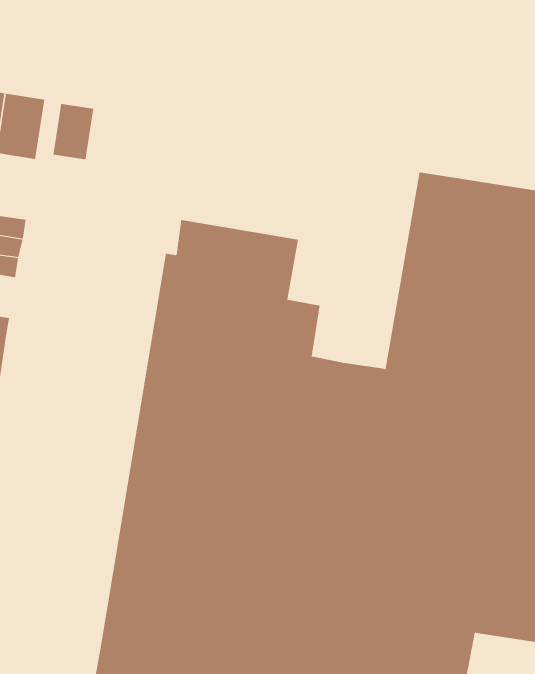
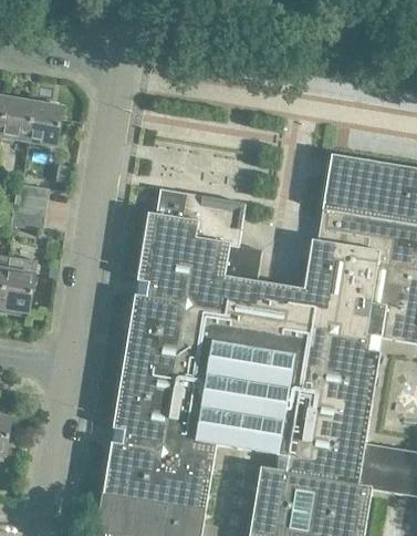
building: [53,103,94,160] -> none

